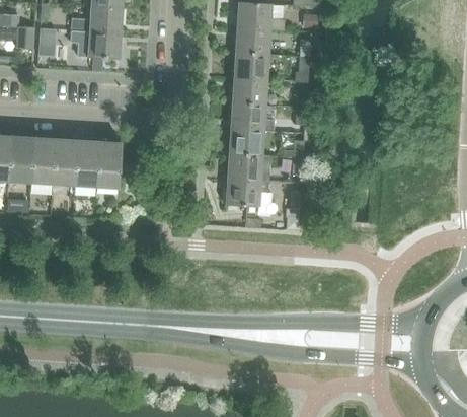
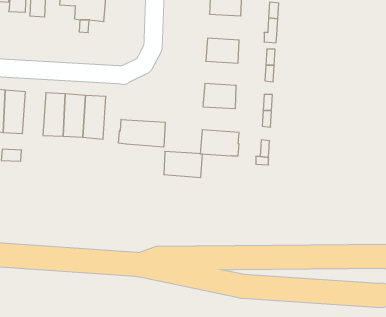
building: [233,52,269,80] -> none
building: [230,103,274,131] -> none
building: [30,137,56,185] -> none
building: [227,153,269,182] -> [164,151,203,177]
building: none -> [119,119,165,147]

